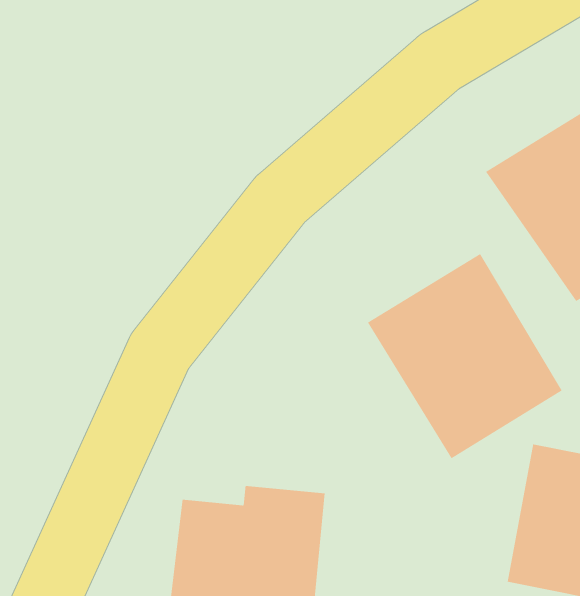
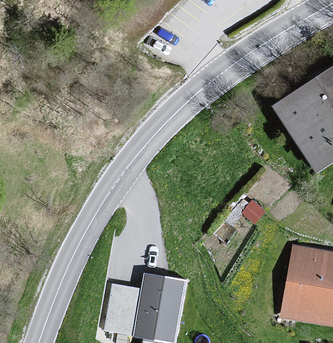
building: [367,253,563,459] -> none

